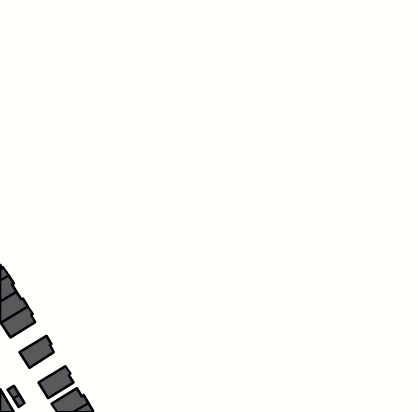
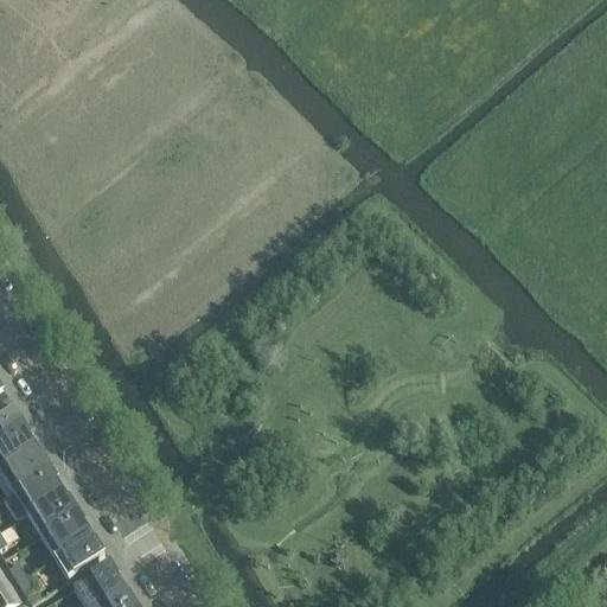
building: none -> [5,467,68,518]
building: none -> [43,511,95,555]

